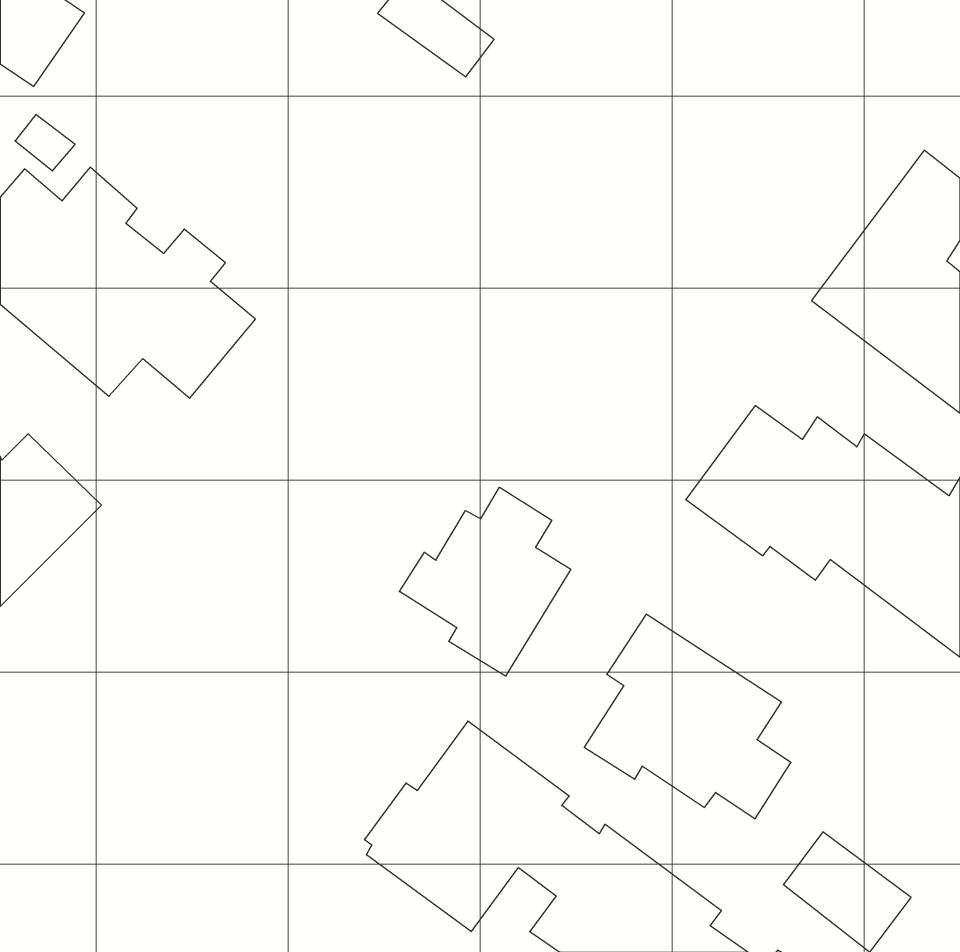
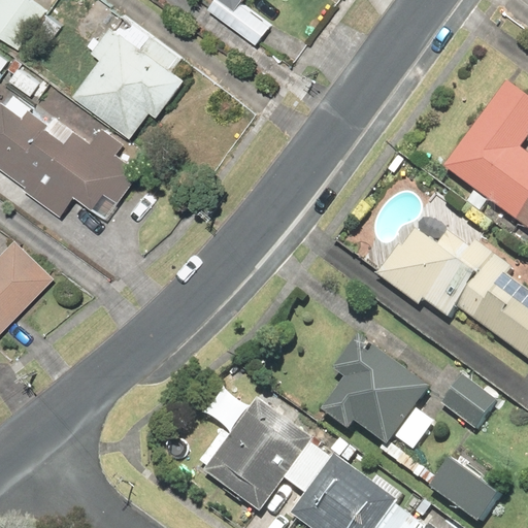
building: none -> [72,12,188,138]
building: [399,487,571,676] -> none
building: none -> [440,372,497,428]

